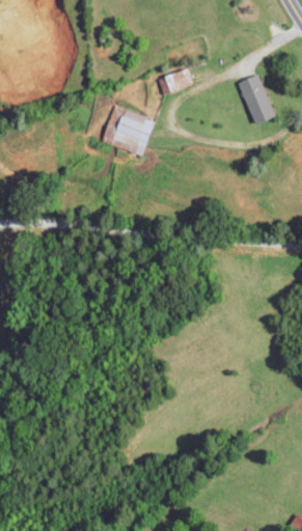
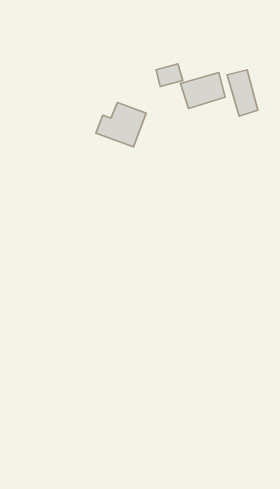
building: none -> [181,73,225,109]

